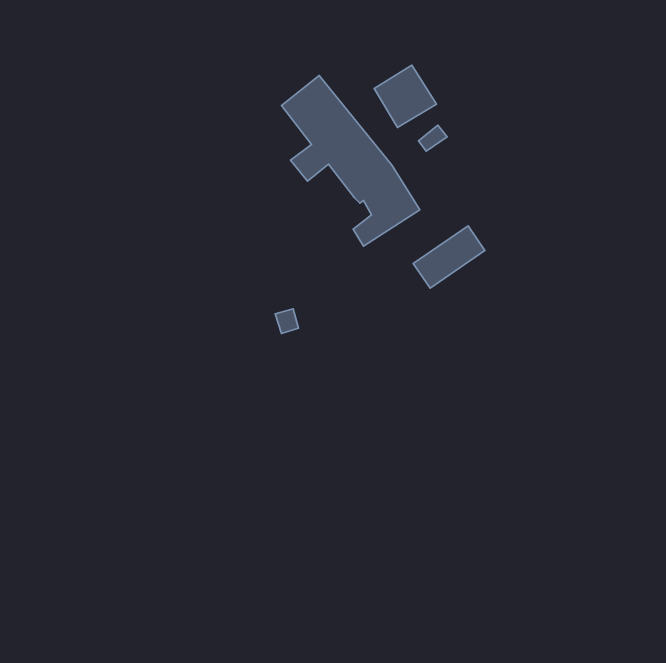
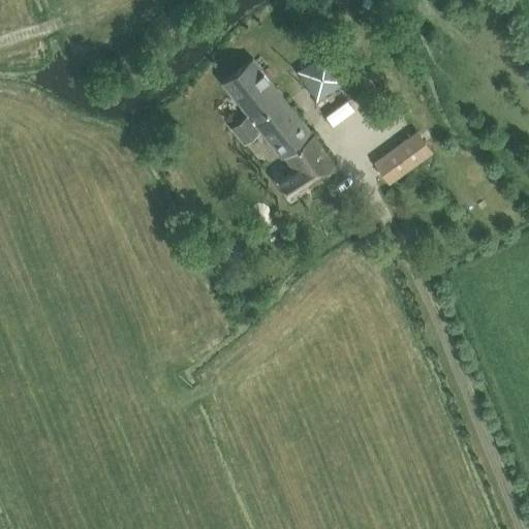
building: [413,226,485,288] -> [375,133,432,183]

